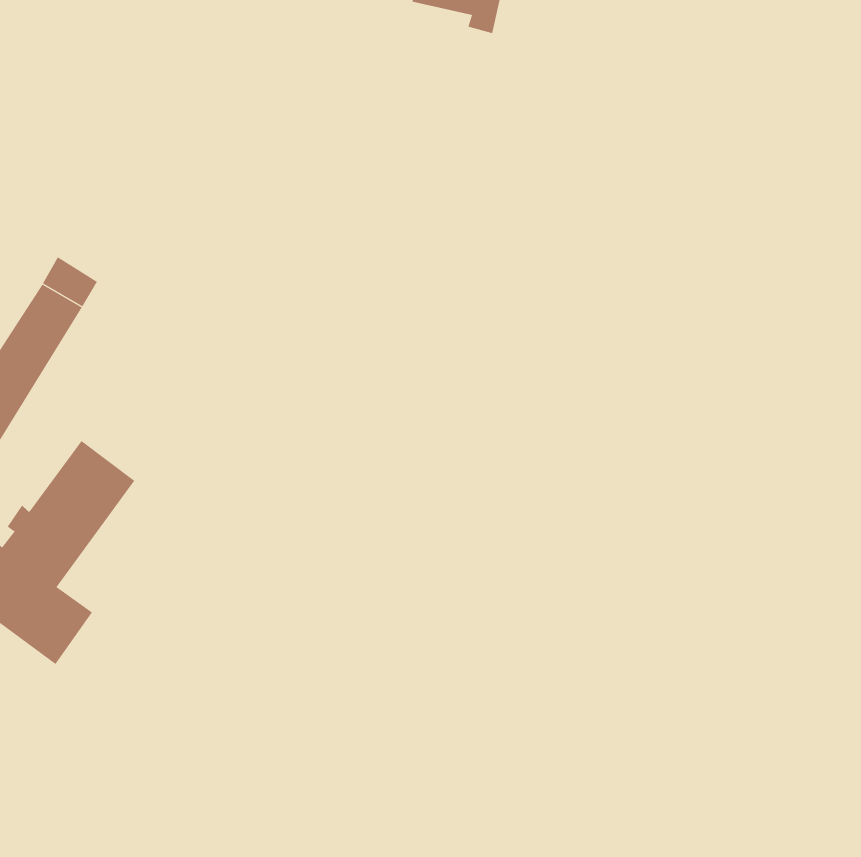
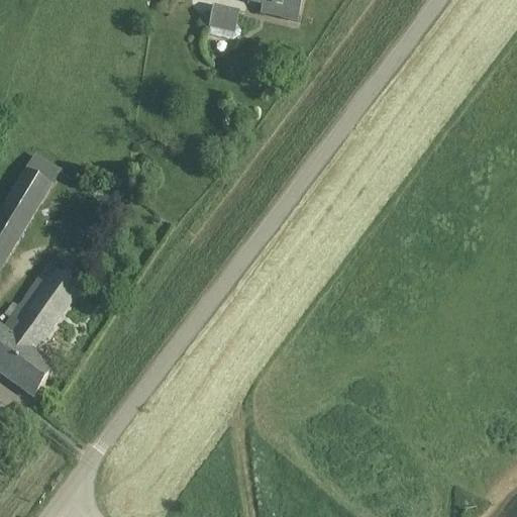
building: none -> [208,5,238,32]

